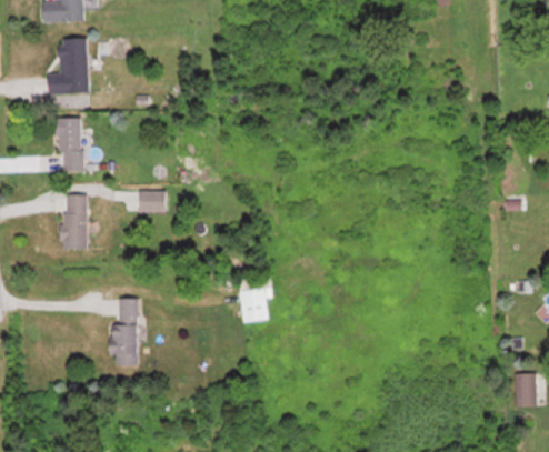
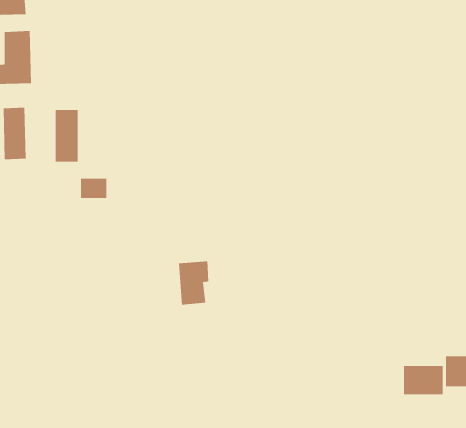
building: [62,195,87,250] -> [55,110,79,162]
building: [111,299,138,365] -> none
building: none -> [404,365,443,395]

